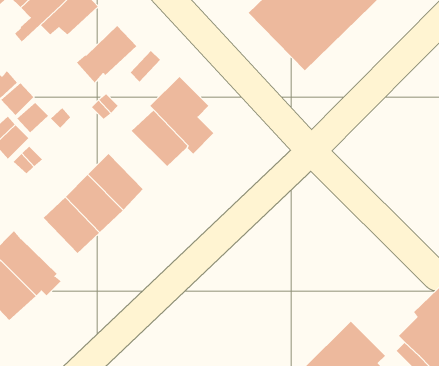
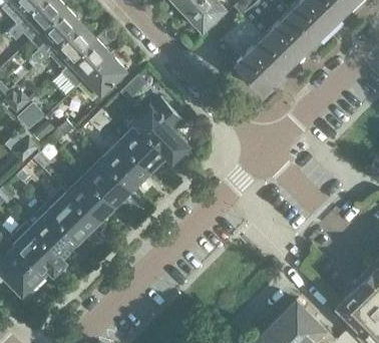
building: none -> [72,41,112,80]
building: none -> [105,141,152,189]
building: none -> [35,205,80,257]

